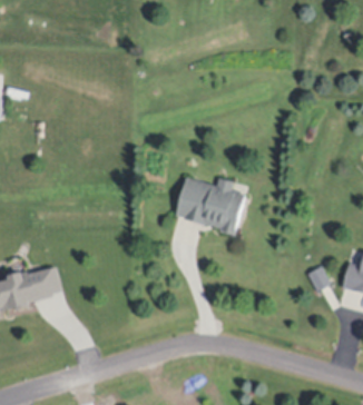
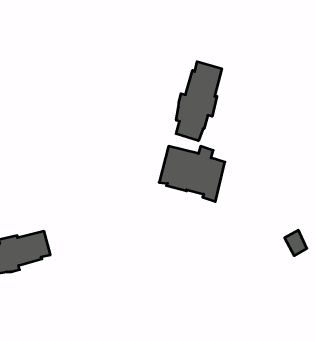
building: none -> [176,62,222,141]

